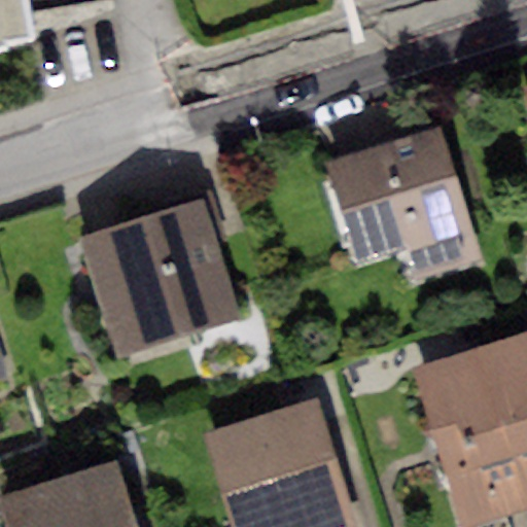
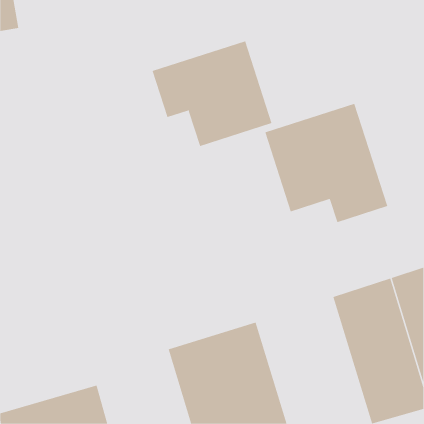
building: none -> [152,41,272,147]
building: [82,201,239,355] -> none

